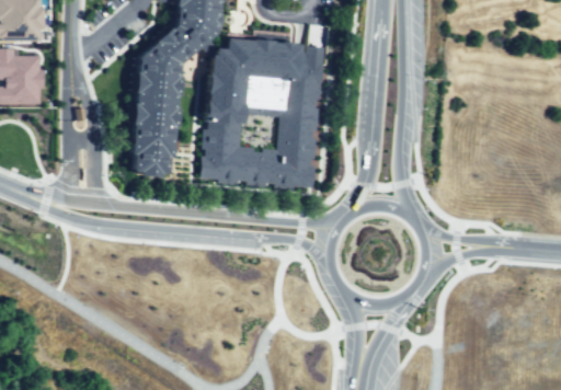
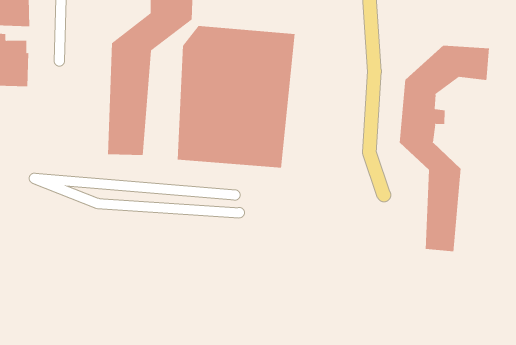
building: none -> [399,45,489,252]

